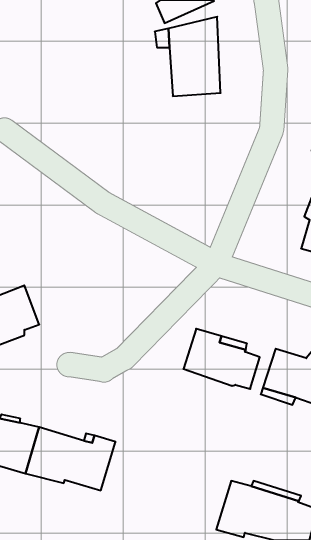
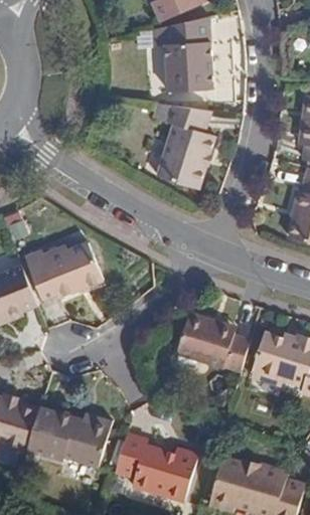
building: none -> [155,106,213,188]
building: none -> [30,248,107,304]
building: none -> [114,434,197,502]

